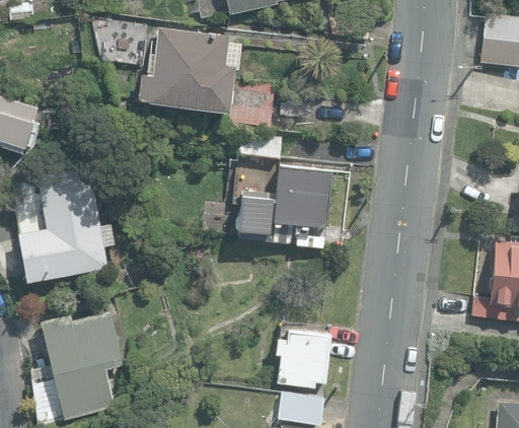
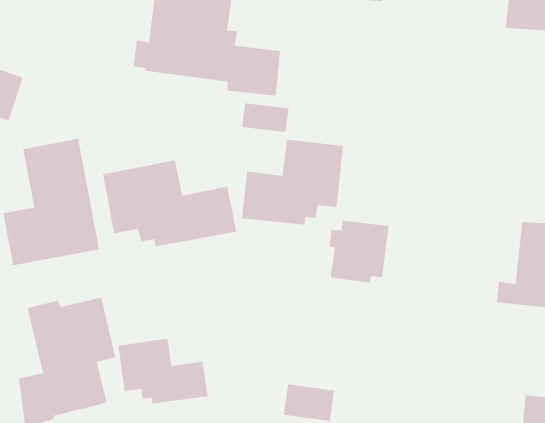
building: none -> [102,160,237,247]
building: [275,330,330,387] -> [329,220,389,283]
building: none -> [118,338,208,404]

